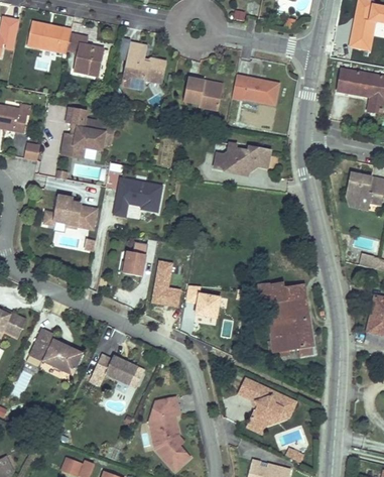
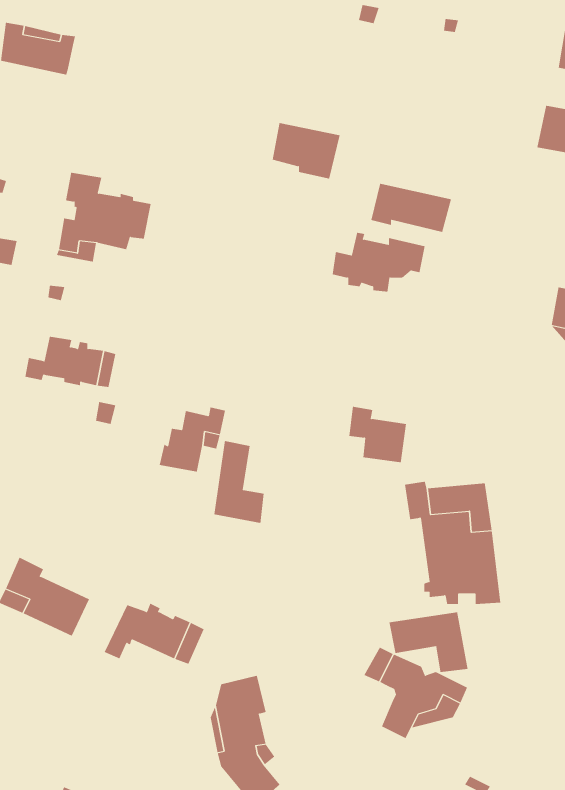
building: [69,33,104,74] -> none
building: [120,38,166,84] -> none
building: [233,76,279,104] -> [371,183,452,233]
building: [115,180,163,217] -> none
building: [186,284,220,317] -> [349,406,407,463]
building: none -> [389,611,468,673]

